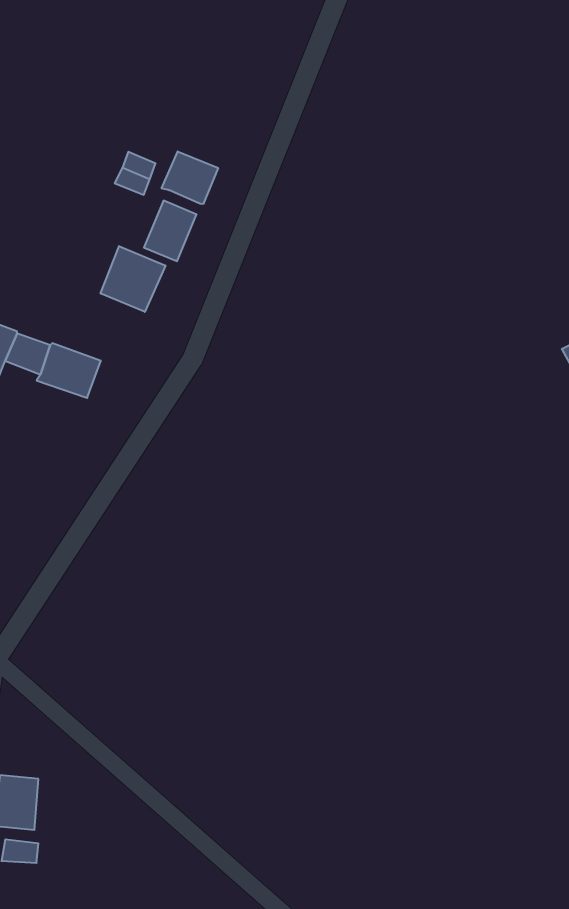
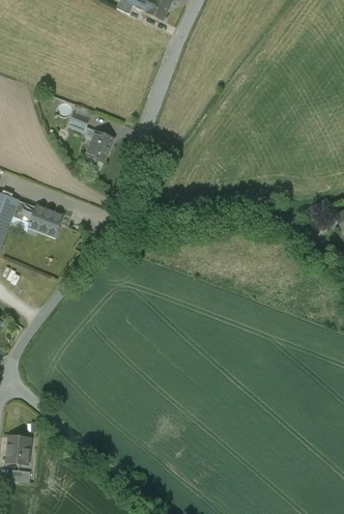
building: [162,151,218,204] -> none
building: [101,246,165,312] -> none

